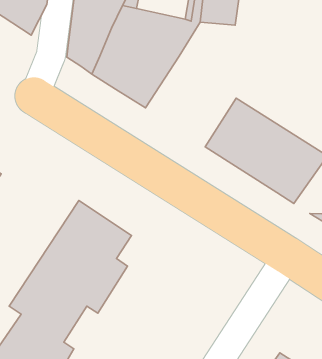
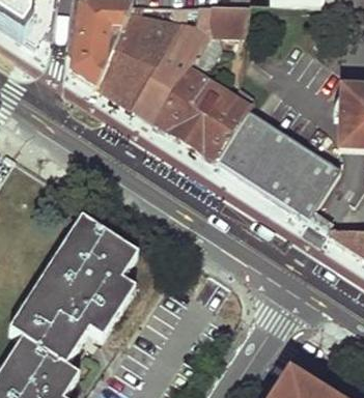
building: none -> [152,67,250,162]

